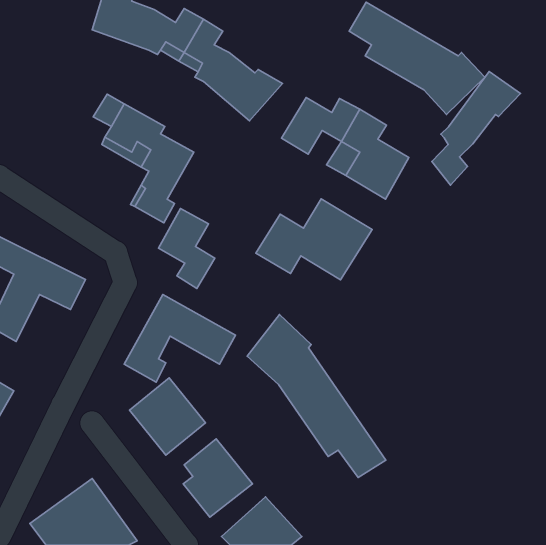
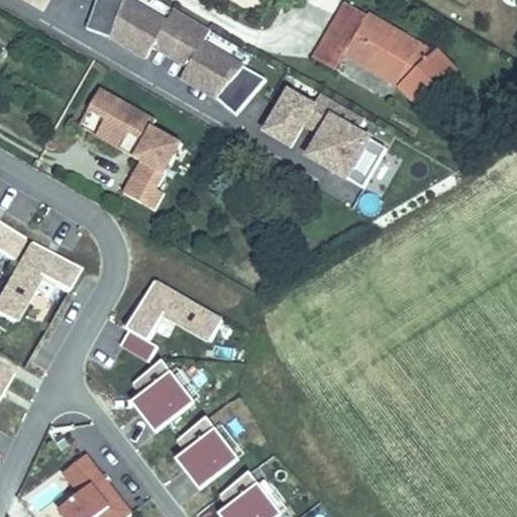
building: none -> [313,29,350,70]
building: [432,71,520,185] -> none
building: [256,199,372,280] -> none
building: [159,208,215,288] -> none
building: [247,315,386,478] -> none

